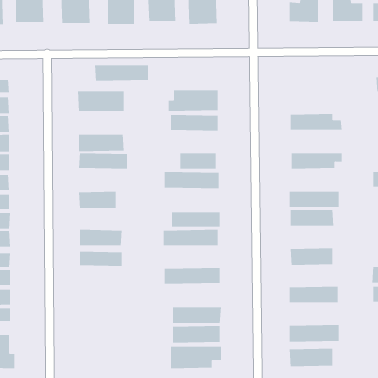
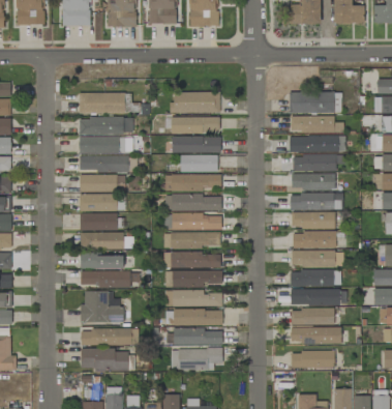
building: [94,65,149,81] -> [78,118,132,135]
building: none -> [289,92,341,114]
building: none -> [172,136,220,153]
building: none -> [289,136,344,152]
building: none -> [291,174,334,191]
building: none -> [79,175,125,193]
building: none -> [171,195,220,211]
building: none -> [79,213,117,231]
building: none -> [292,231,336,249]
building: none -> [163,253,220,268]
building: none -> [289,270,340,287]
building: none -> [80,271,129,287]
building: none -> [80,291,122,323]
building: none -> [172,291,221,306]
building: none -> [290,309,334,325]
building: none -> [81,329,138,345]
building: none -> [80,349,128,371]

